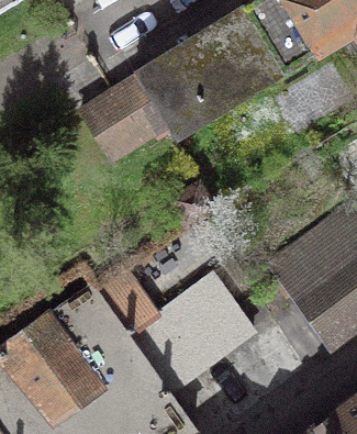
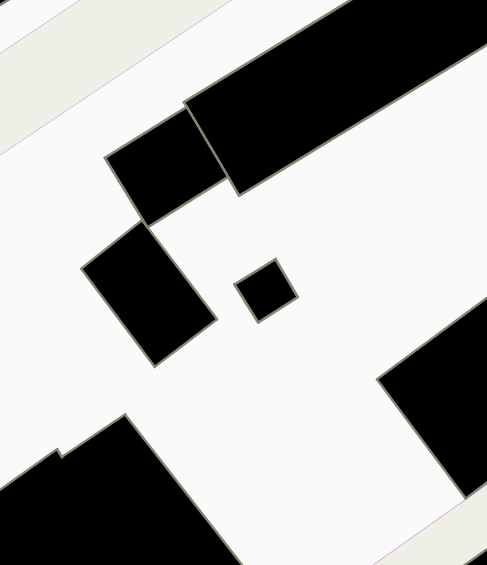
building: none -> [81,220,217,367]
building: [97,271,259,392] -> none

